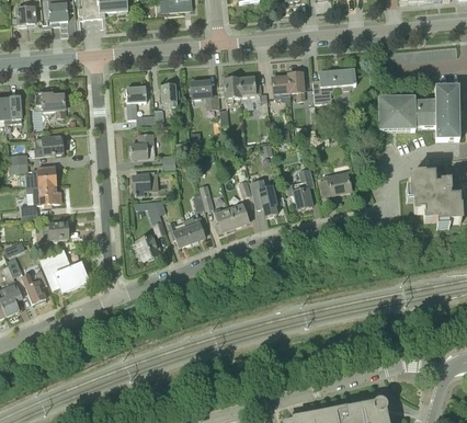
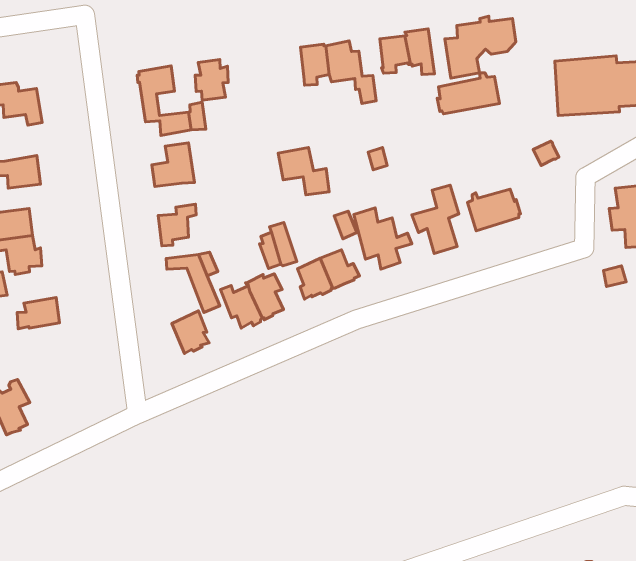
building: [191,80,220,108] -> [278,148,329,195]
building: none -> [437,73,499,114]
building: [42,249,89,290] -> none

